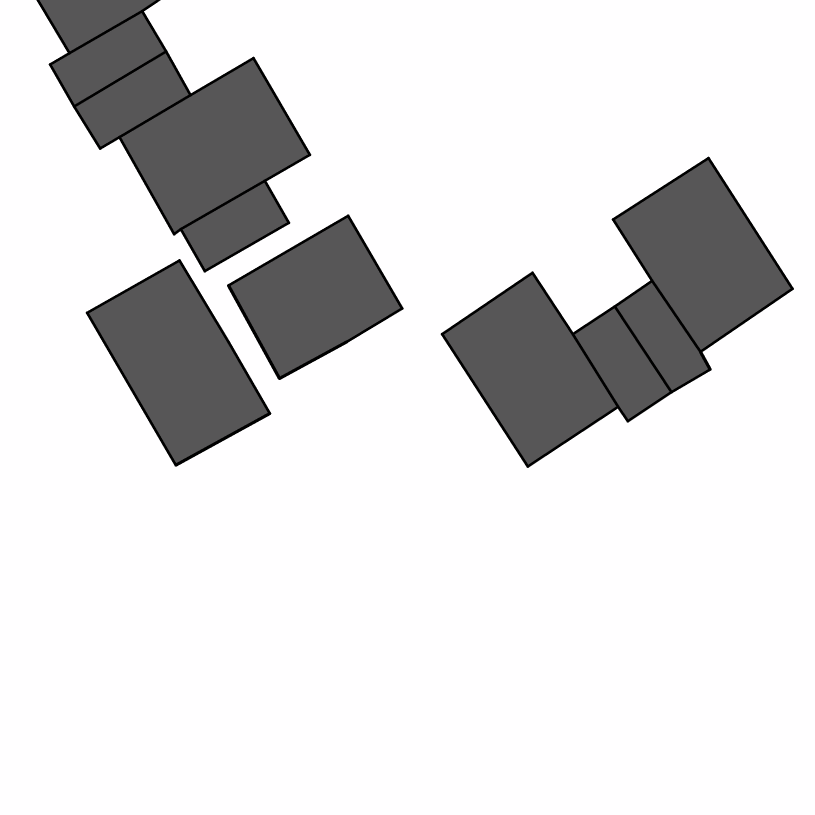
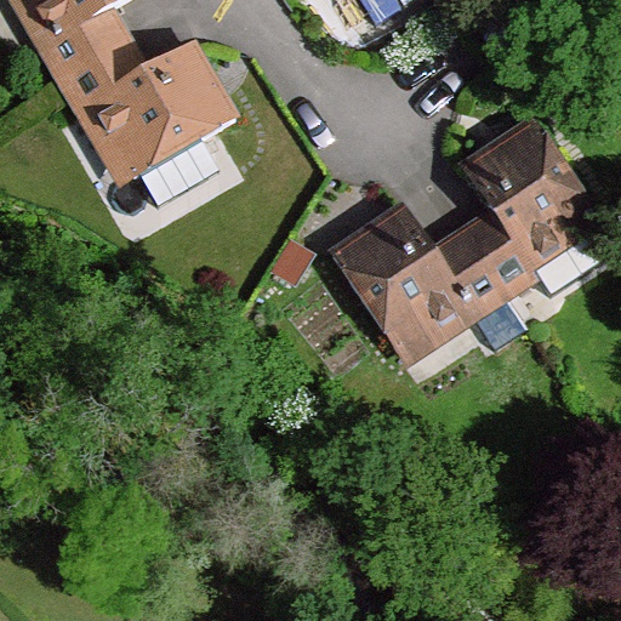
building: [229,216,402,378] -> none
building: [87,261,270,465] -> none

